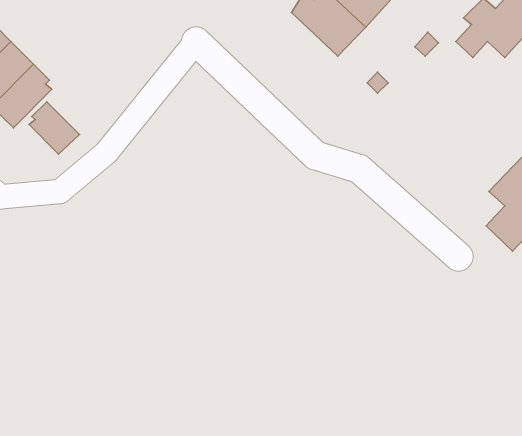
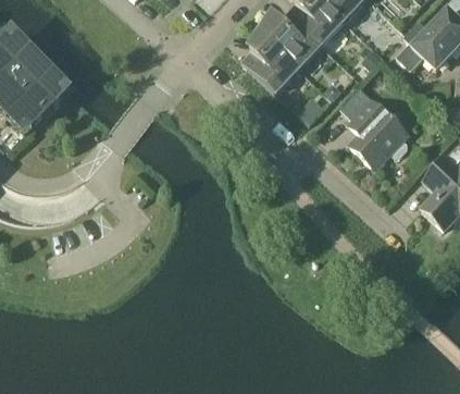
building: none -> [243,32,299,91]
building: none -> [340,88,407,168]
building: [29,102,79,154] -> none

